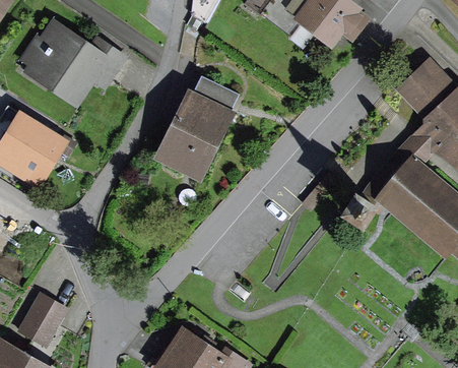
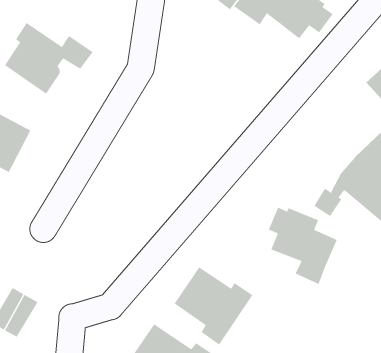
building: [162,77,231,173] -> none
building: none -> [268,207,337,285]
building: none -> [174,267,253,345]

